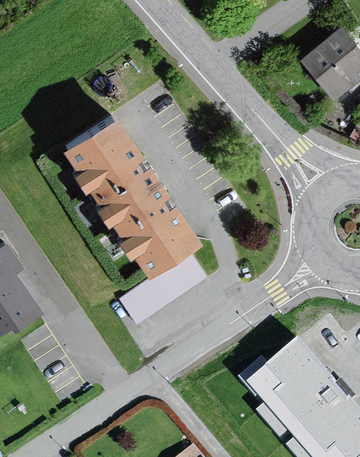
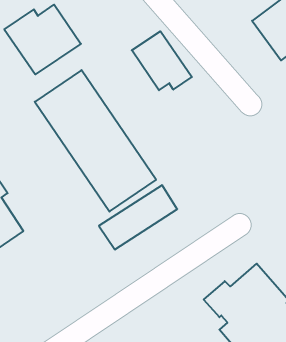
building: none -> [4,5,81,74]
building: none -> [132,31,192,90]

